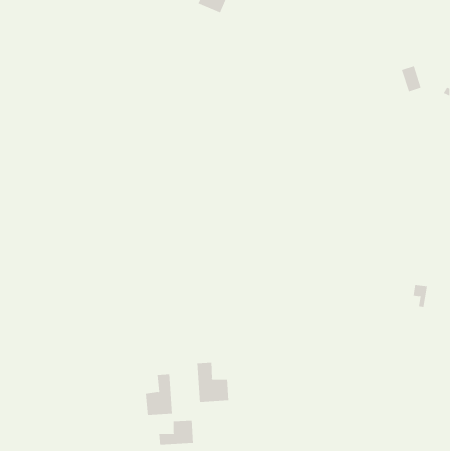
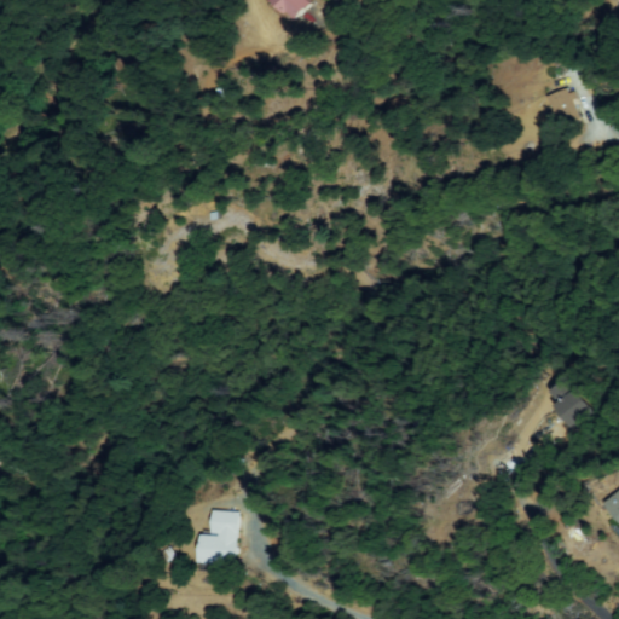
building: [197,362,229,403] -> none
building: [159,420,194,446] -> none

